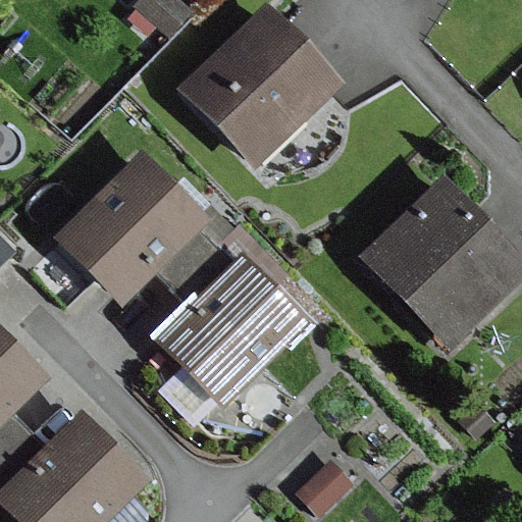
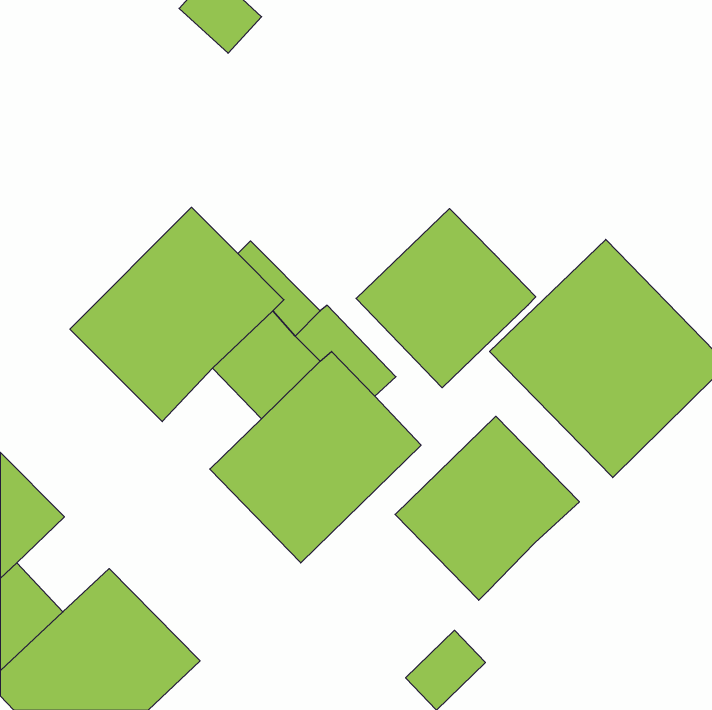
building: [176,4,343,169] -> none
building: none -> [356,209,536,388]
building: none -> [395,416,579,600]

